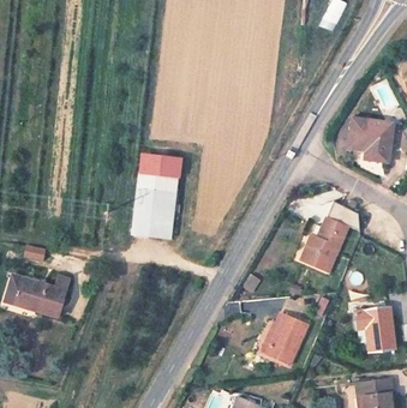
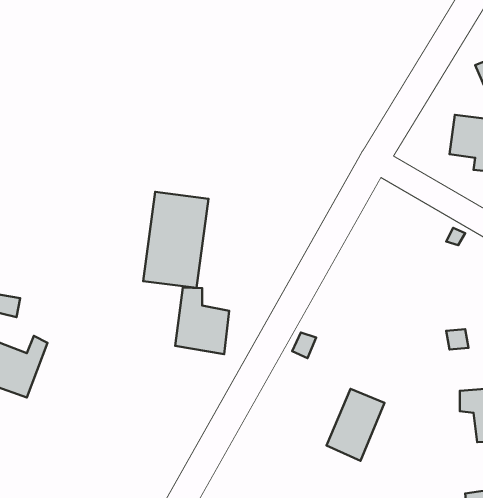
building: [144,156,184,179] -> none
building: [298,216,343,271] -> none
building: none -> [175,287,229,354]

